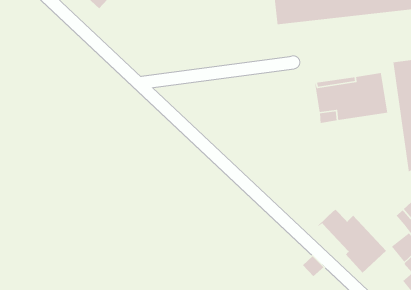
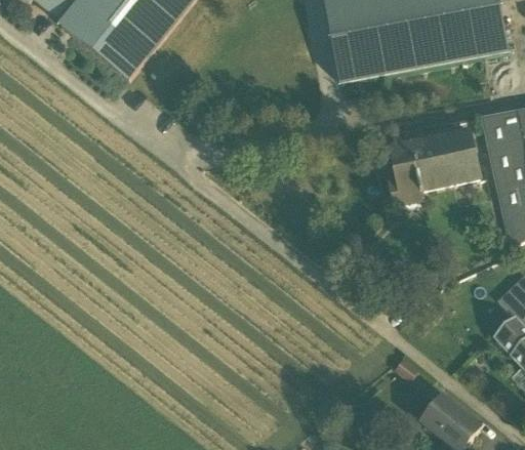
building: none -> [387,178,423,208]
building: [317,209,387,273] -> none

